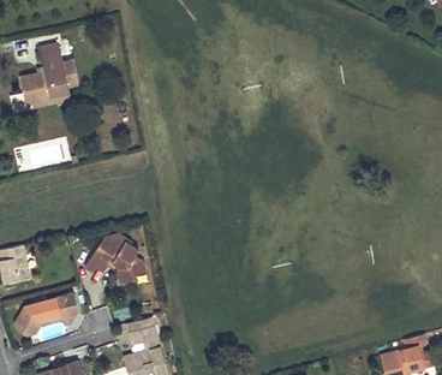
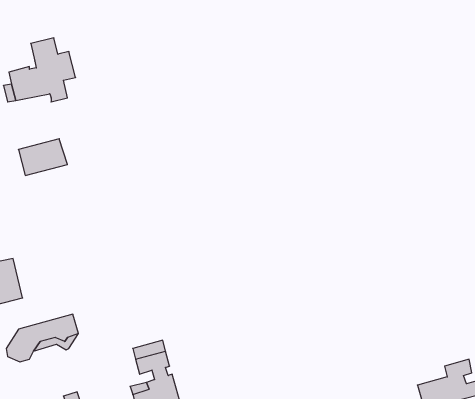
building: [83,233,144,285] -> none

